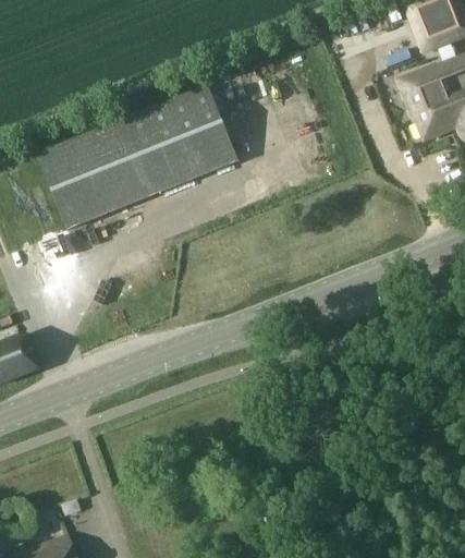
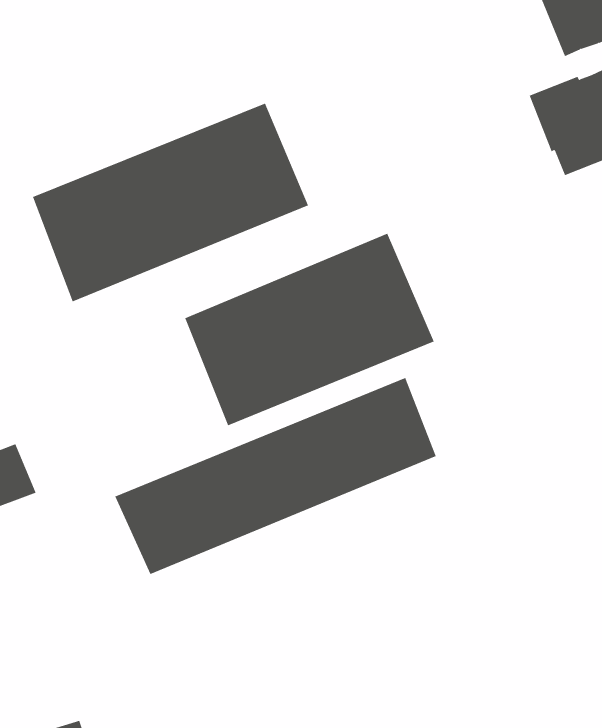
building: none -> [184,233,435,426]
building: none -> [114,377,436,575]

